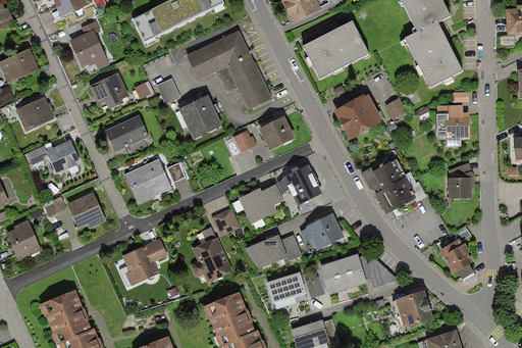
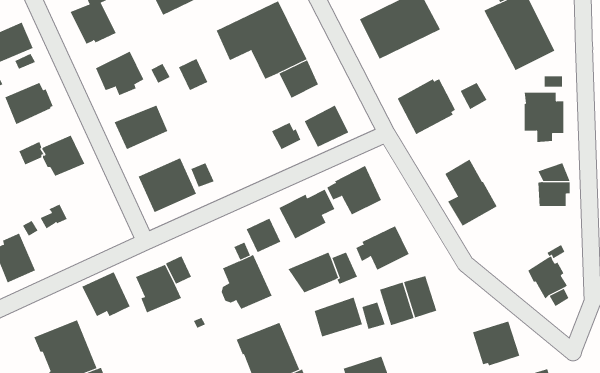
building: [177,95,221,140] -> none
building: [66,192,106,229] -> [81,271,131,317]
building: [366,259,398,287] -> none

